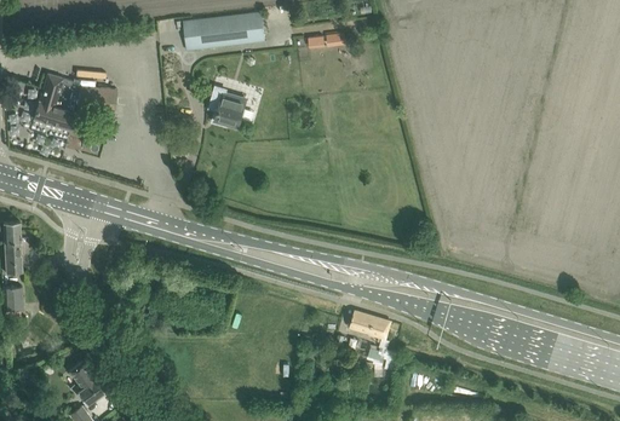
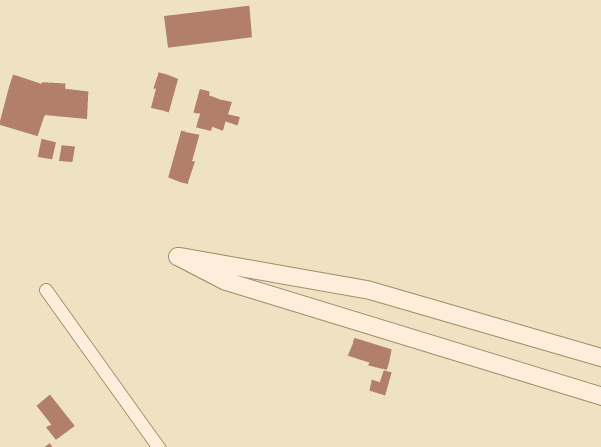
building: none -> [150,72,179,113]
building: none -> [168,129,200,185]

